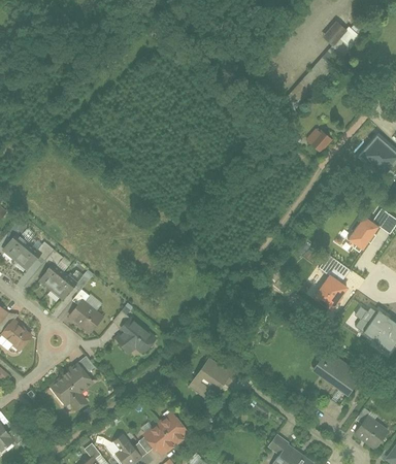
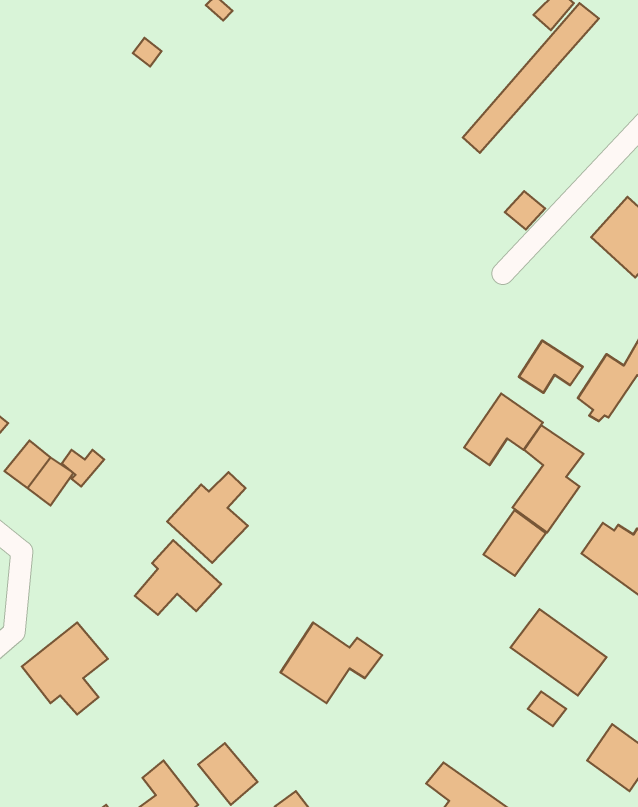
building: none -> [519,341,583,393]
building: none -> [464,393,543,465]
building: none -> [167,472,248,563]
building: [70,298,106,333] -> none
building: none -> [484,510,546,576]
building: [158,412,190,445] -> none

